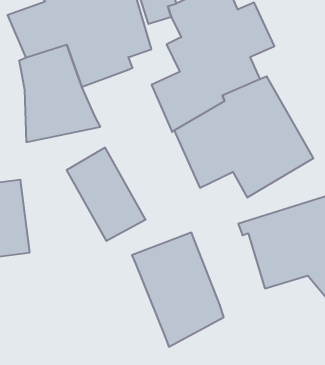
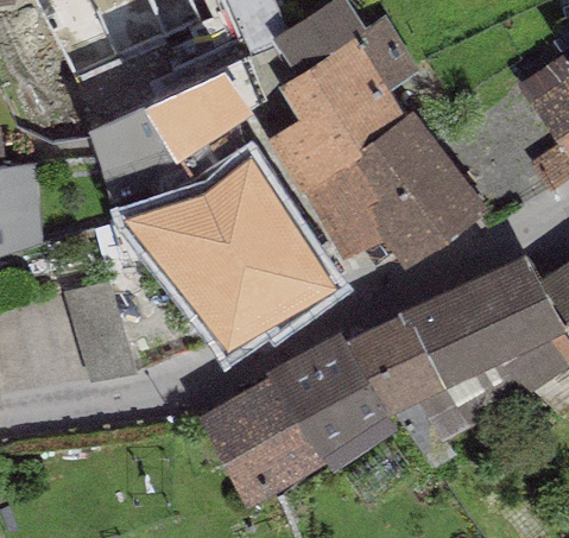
building: none -> [173,127,337,322]
building: none -> [346,309,444,417]
building: none -> [195,375,322,509]

